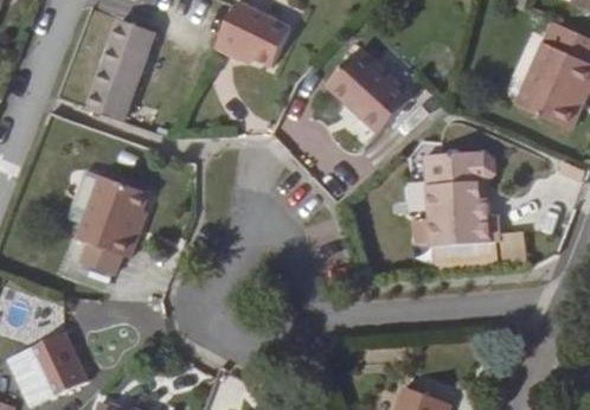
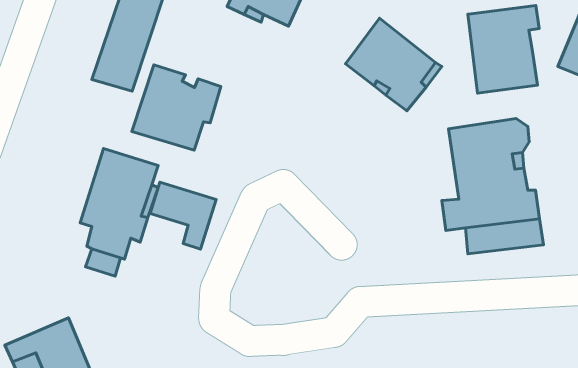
building: none -> [468,6,539,93]
building: none -> [132,65,221,150]
building: none -> [150,182,216,249]

